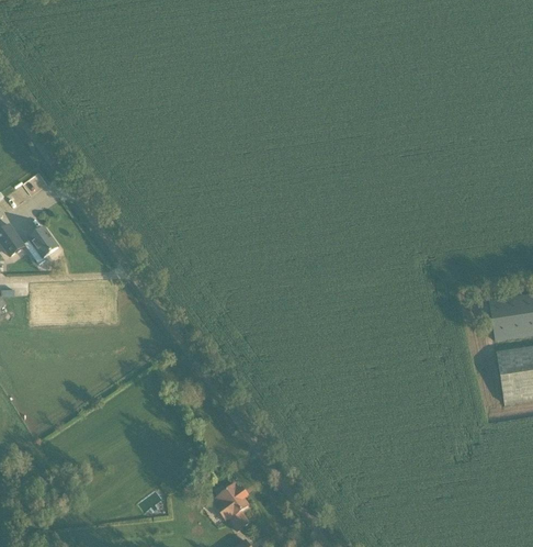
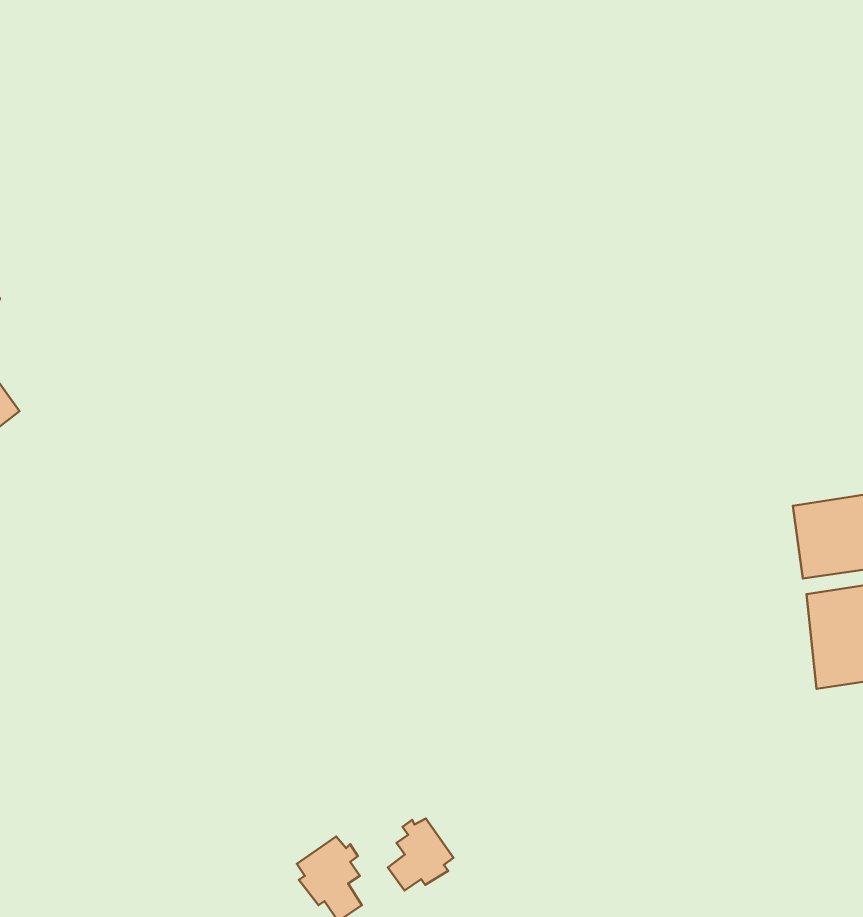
building: none -> [388,818,453,891]

